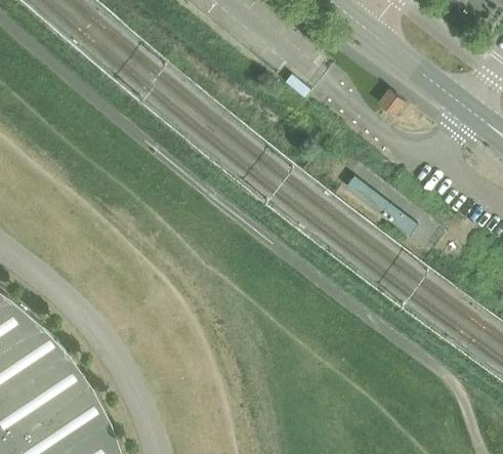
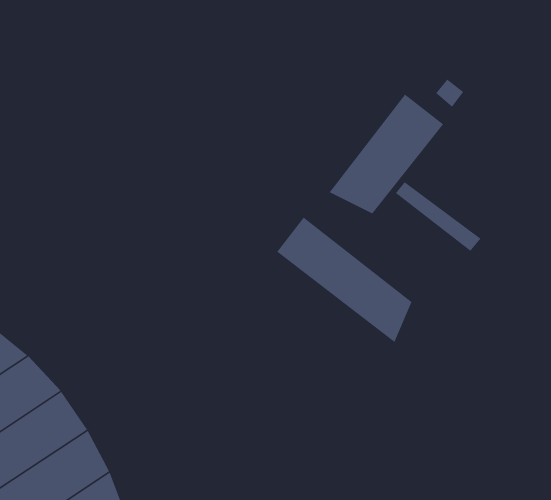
building: none -> [329,94,444,215]
building: none -> [276,216,413,343]

